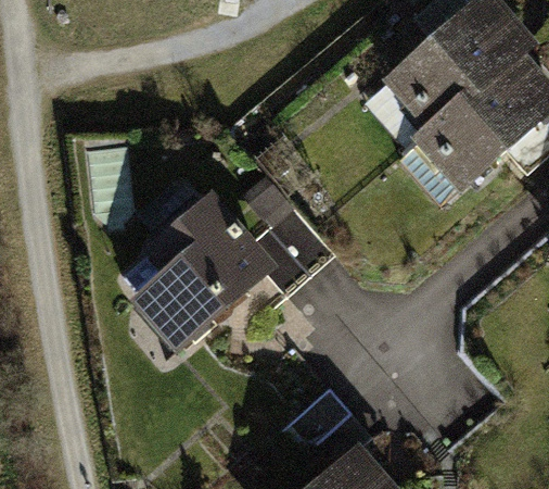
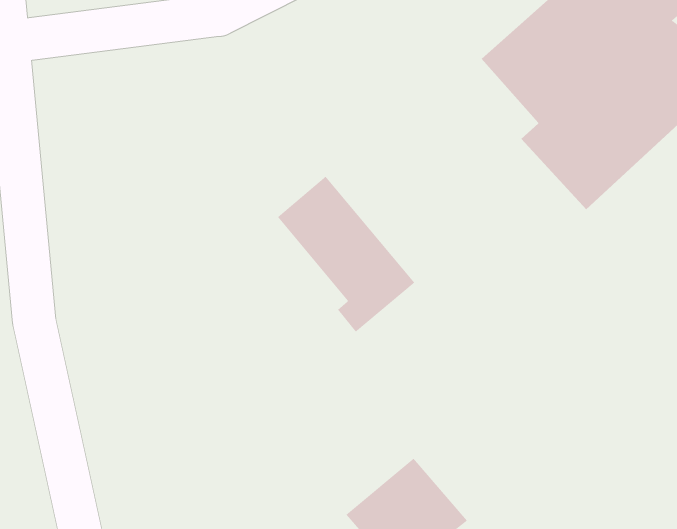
building: [125,195,277,355] -> none

